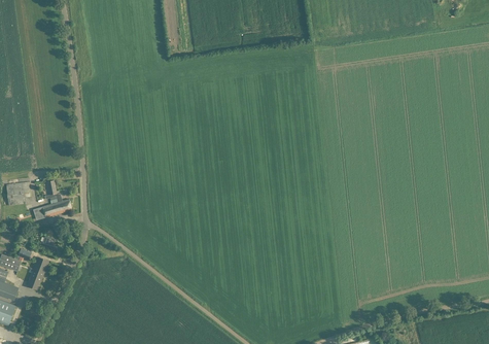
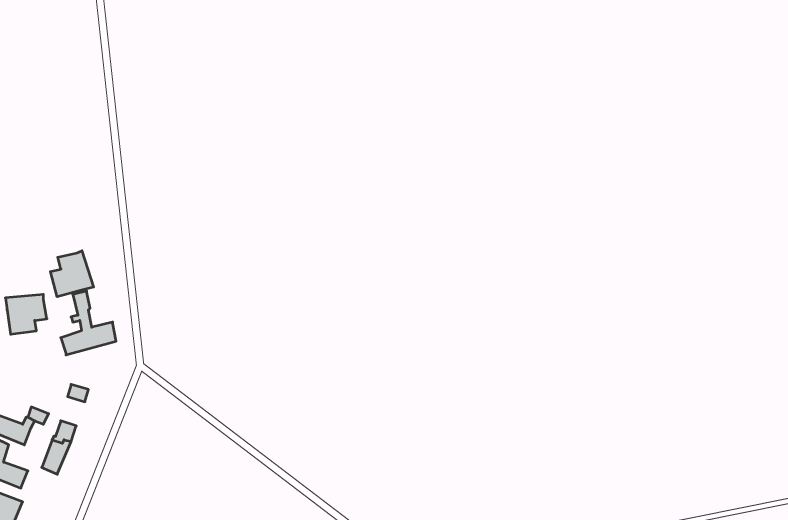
building: none -> [50,251,94,297]

